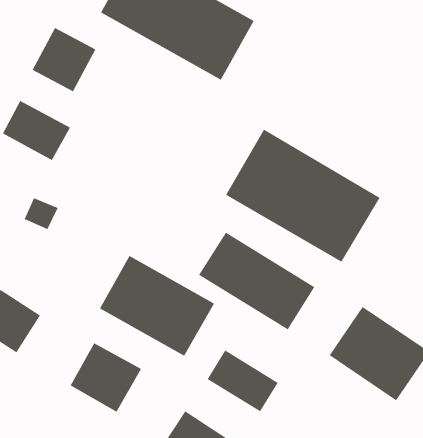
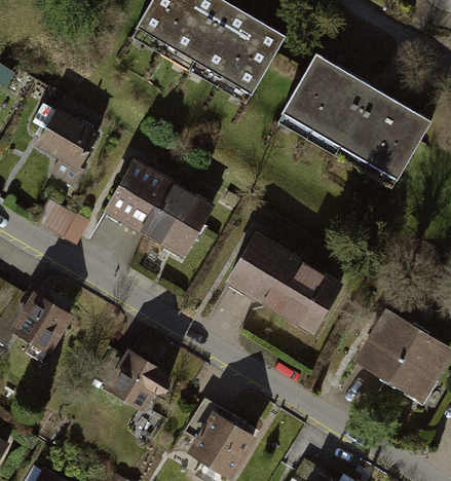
building: [32,27,96,92] -> none
building: [225,129,381,263] -> [277,47,430,179]
building: [99,255,215,357] -> [102,161,216,261]
building: [207,349,278,412] -> none

